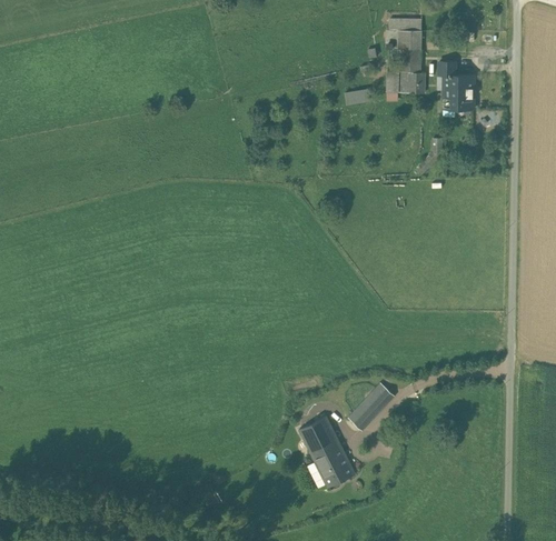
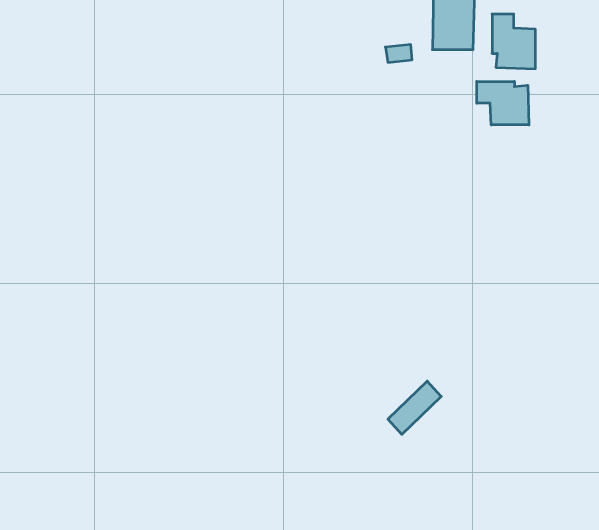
building: none -> [477,81,529,125]
building: [299,415,358,489] -> none

